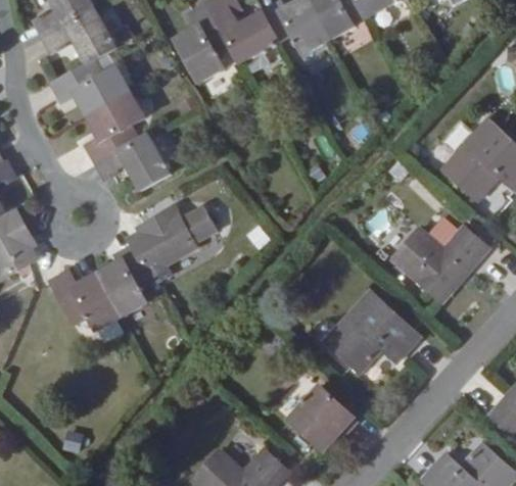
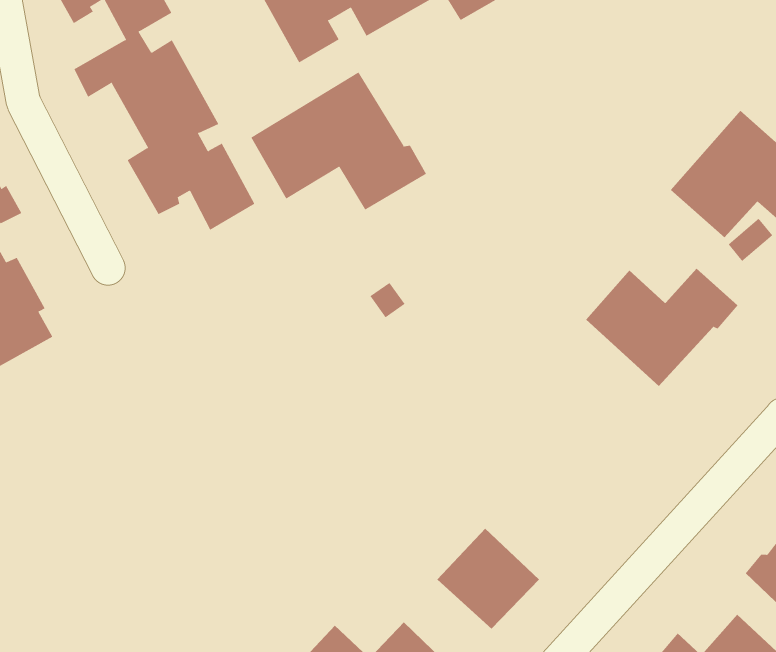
building: none -> [250,71,427,211]
building: [49,206,217,330] -> none
building: [324,292,423,376] -> none

